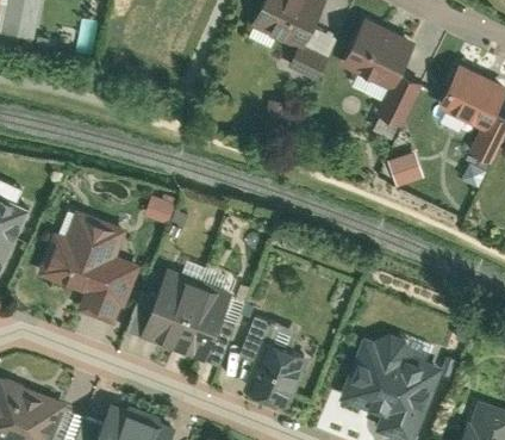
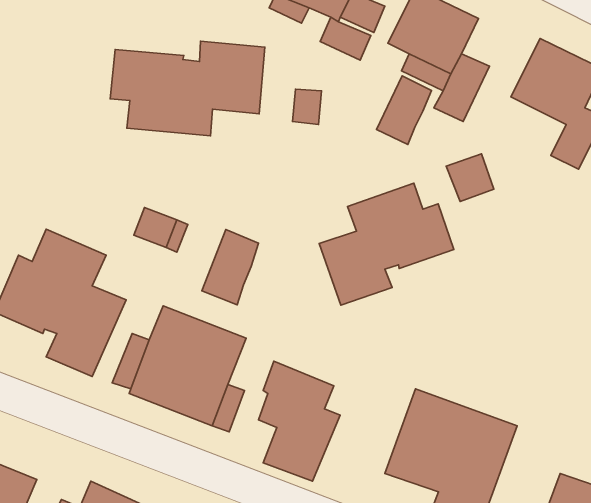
building: none -> [110,41,265,136]
building: none -> [376,76,431,144]
building: none -> [319,183,454,305]
building: none -> [202,230,259,305]

